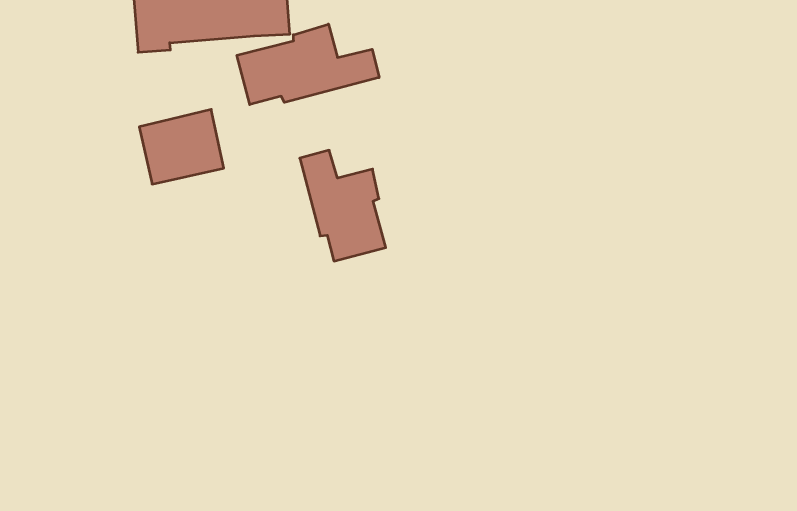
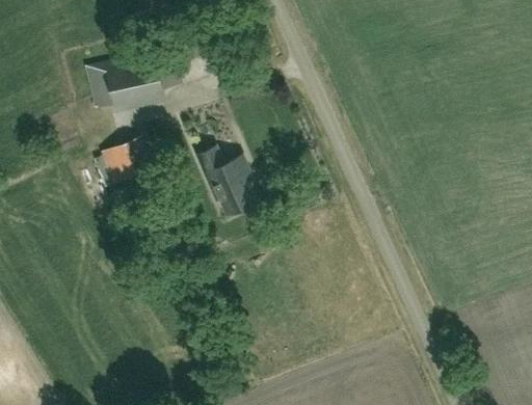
building: [237,24,379,105] -> none

